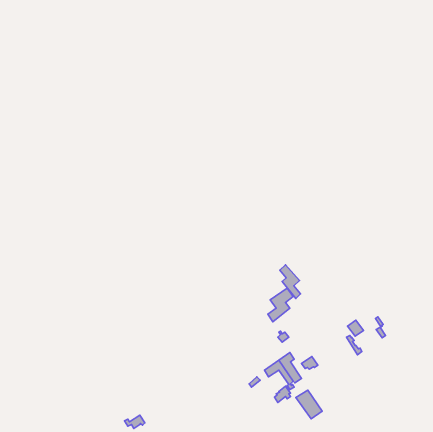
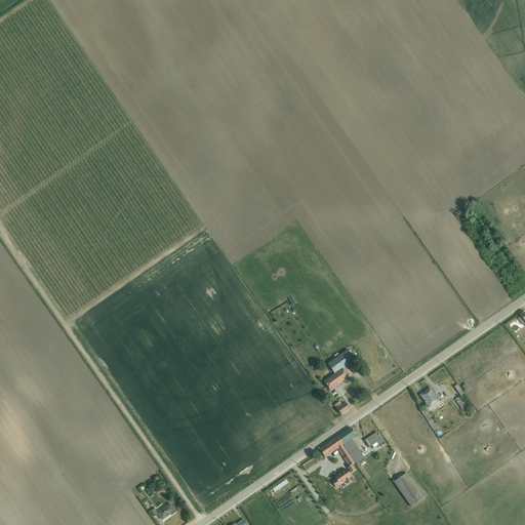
building: [280,265,301,299] -> none
building: [296,390,322,419] -> [393,472,425,507]

